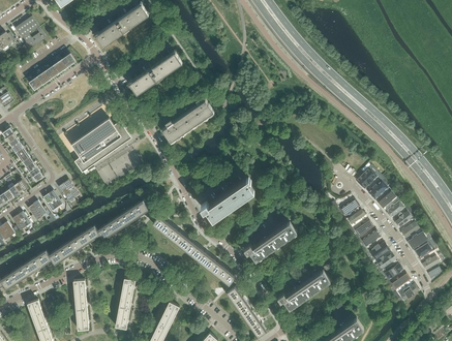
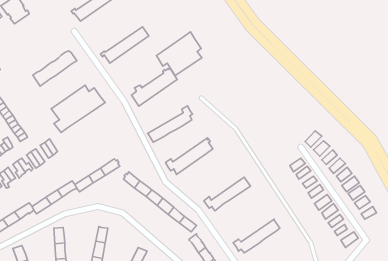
building: [26,51,76,91] -> [33,51,77,86]
building: none -> [156,32,202,76]
building: none -> [147,106,193,142]

